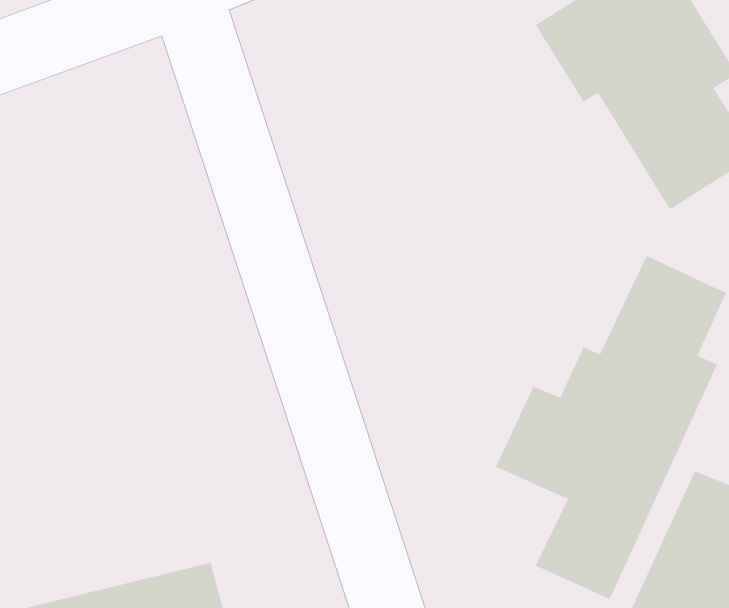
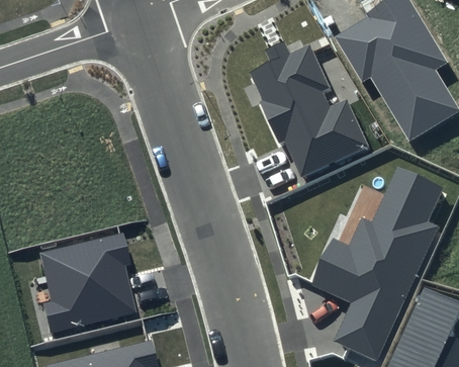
building: none -> [251,41,370,182]
building: none -> [39,232,137,334]

